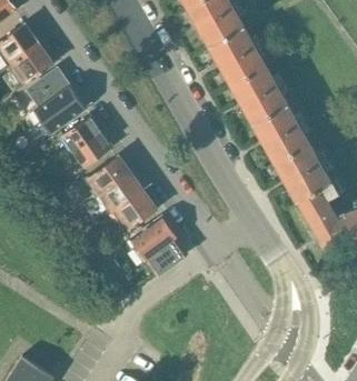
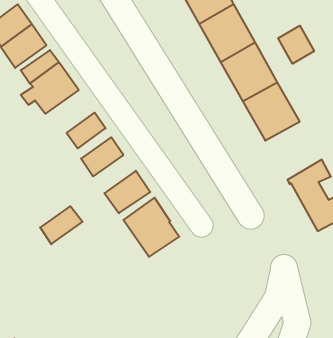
building: none -> [278,26,314,64]
building: [62,114,101,150] -> none
building: [271,139,328,197] -> none
building: [100,172,142,210] -> [40,206,83,244]

